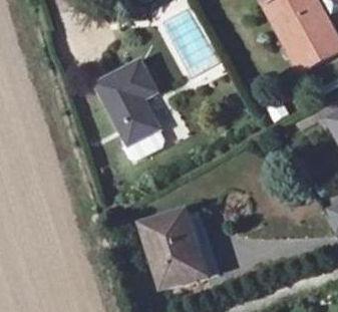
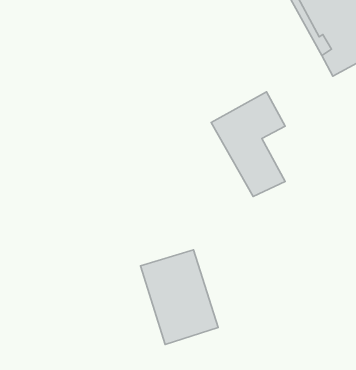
building: [97,58,157,143] -> [211,92,285,196]

